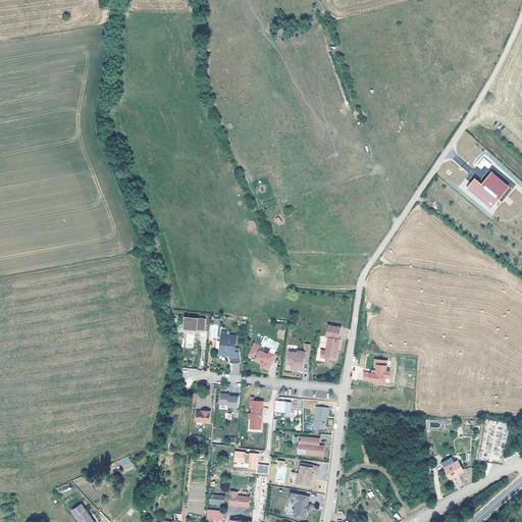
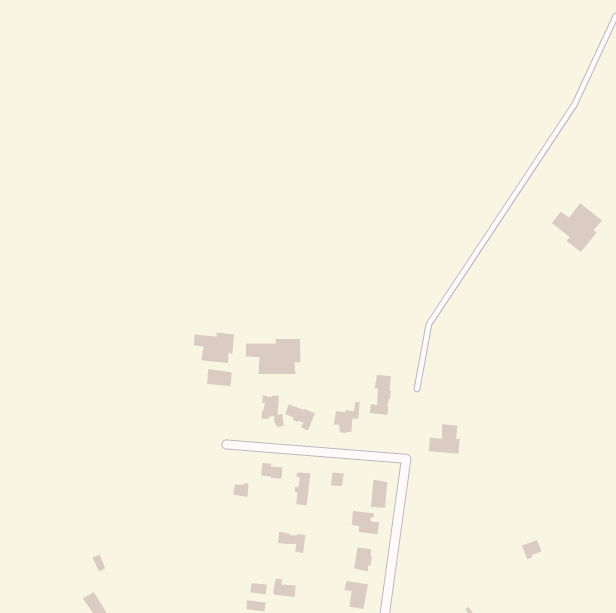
building: none -> [193,332,234,364]
building: none -> [245,338,301,375]

